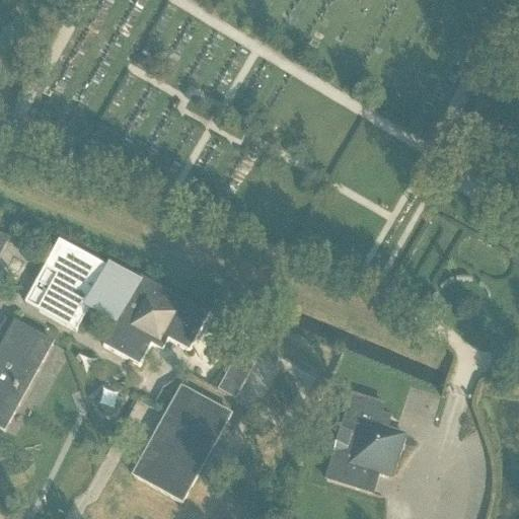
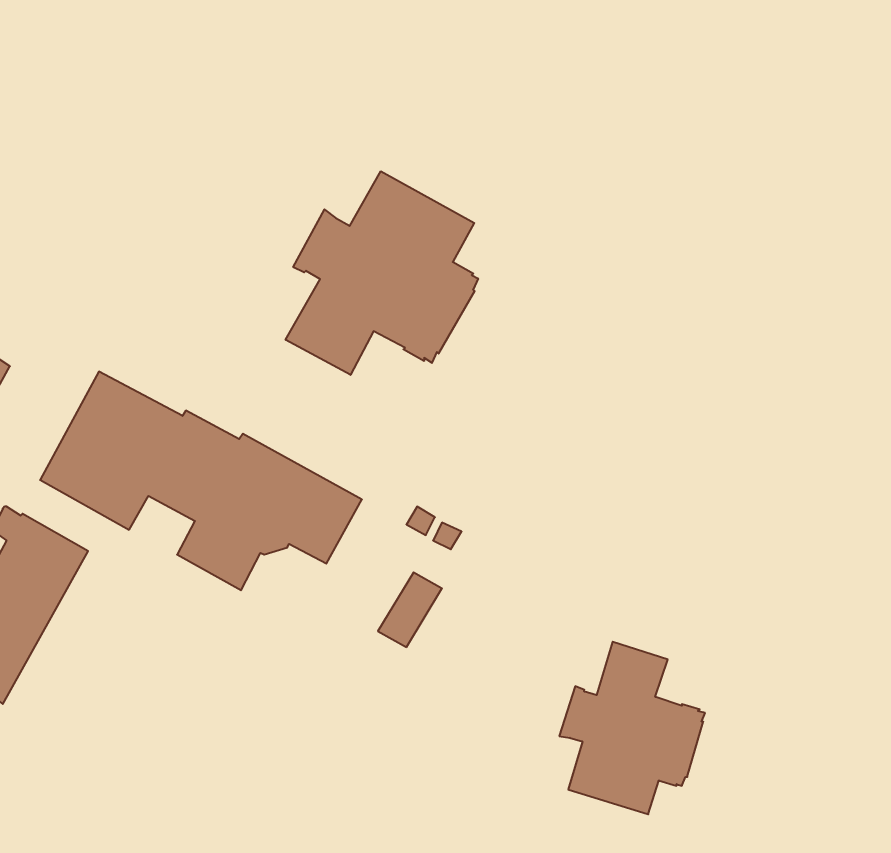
building: none -> [286,171,478,375]
building: [133,384,230,499] -> none

